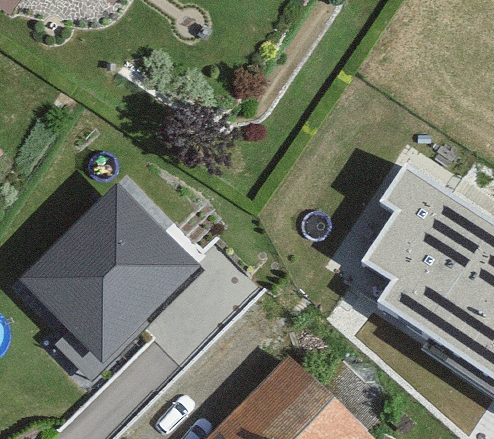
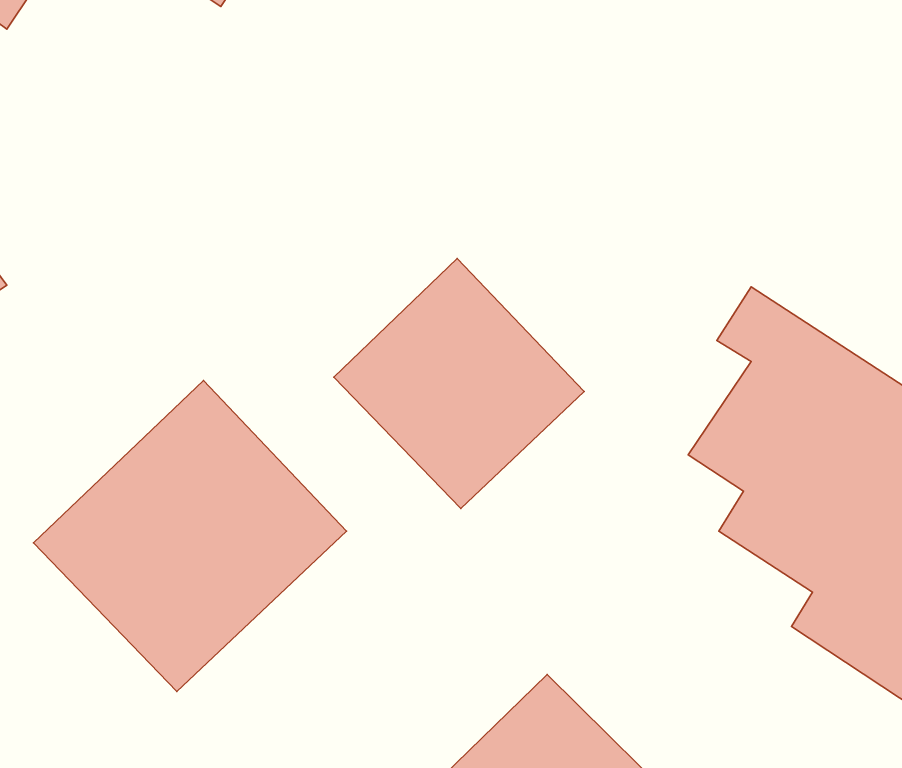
building: none -> [334,259,584,509]

